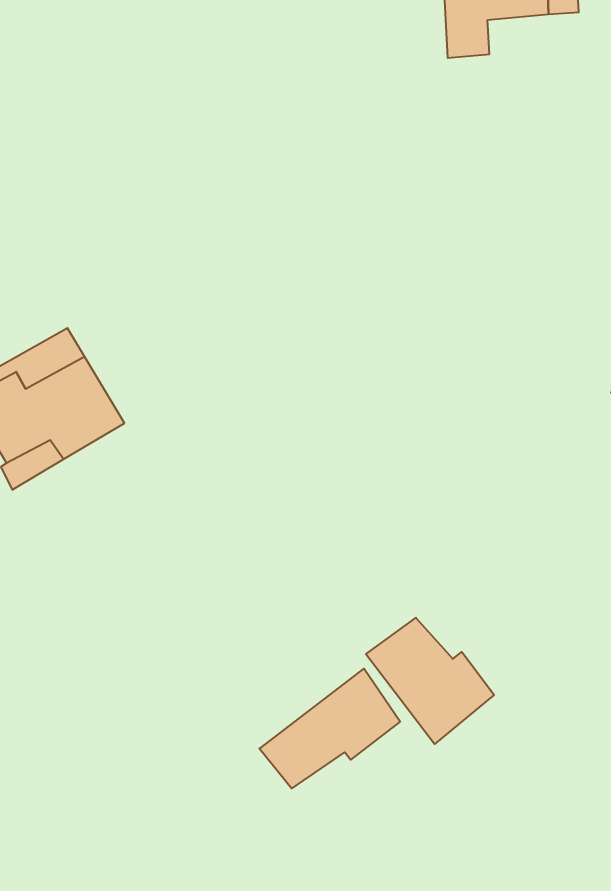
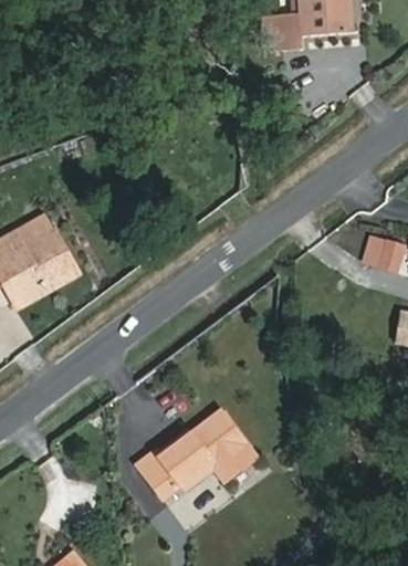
building: [366,618,494,744] -> none
building: none -> [139,455,184,502]

